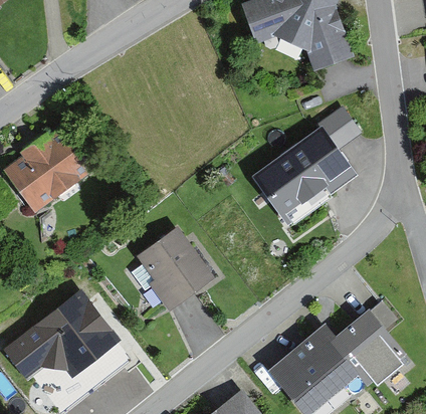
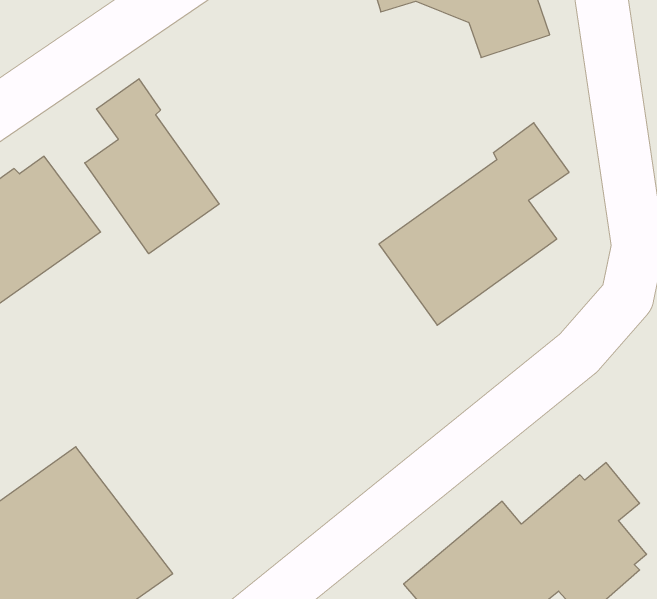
building: none -> [85,79,219,254]
building: [135,226,214,312] -> none

